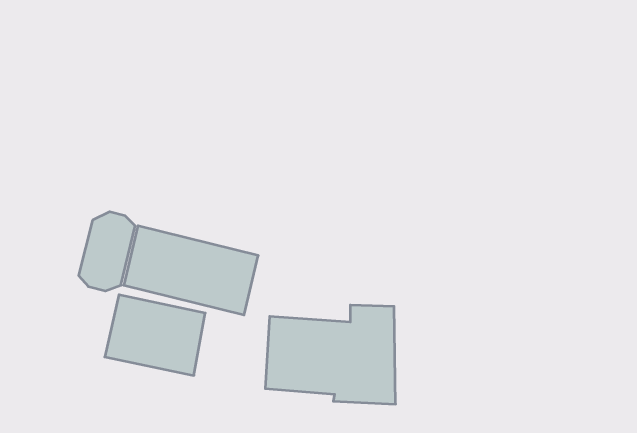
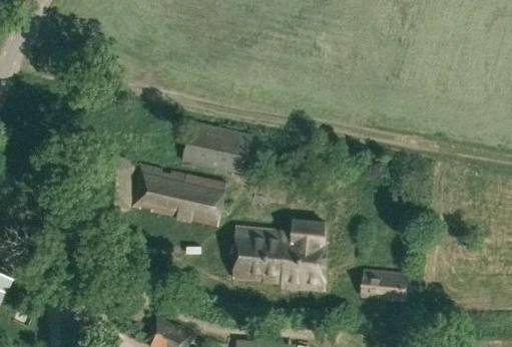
building: [105,295,205,375] -> [180,118,251,176]
building: none -> [359,269,410,303]

